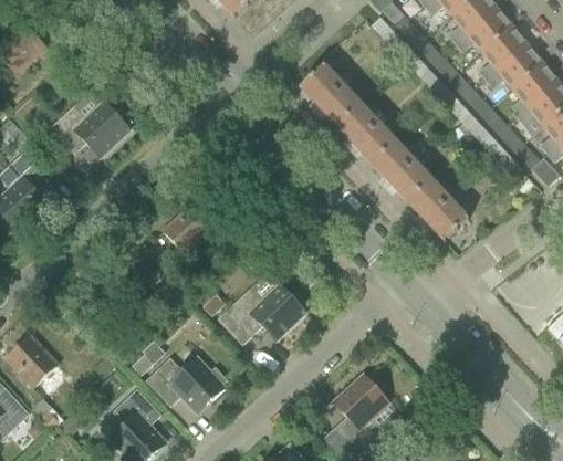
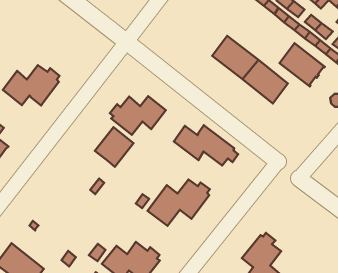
building: [300,63,362,126] -> none
building: none -> [110,96,166,135]
building: [408,179,468,240] -> [279,43,325,87]
building: none -> [174,125,238,165]

